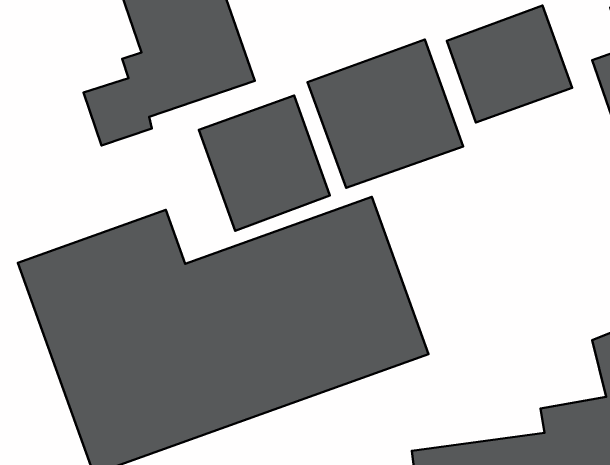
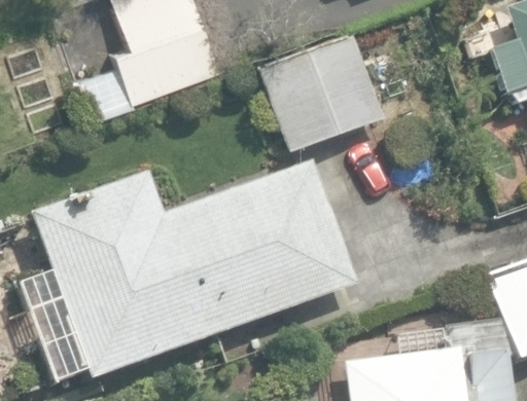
building: [447,5,572,122] -> none
building: [199,96,330,231] -> none

